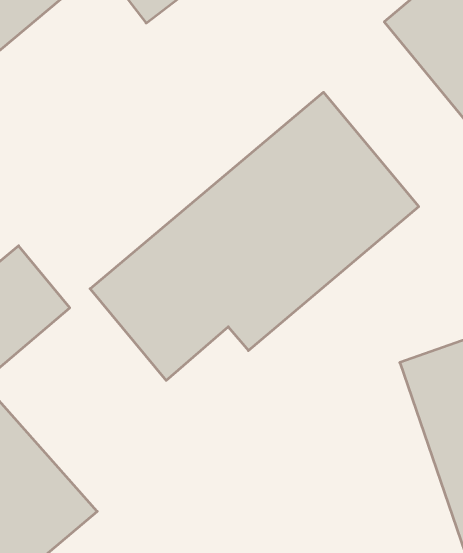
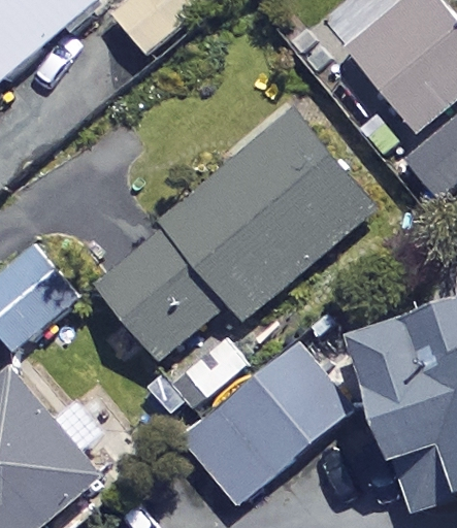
building: none -> [183,342,344,499]

